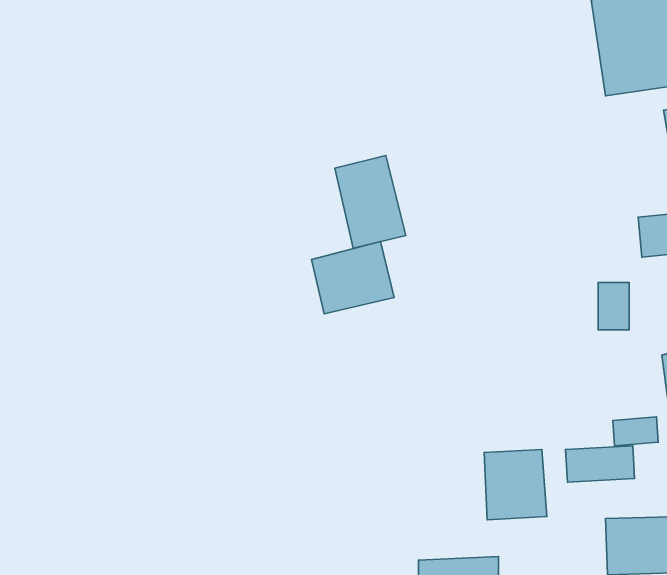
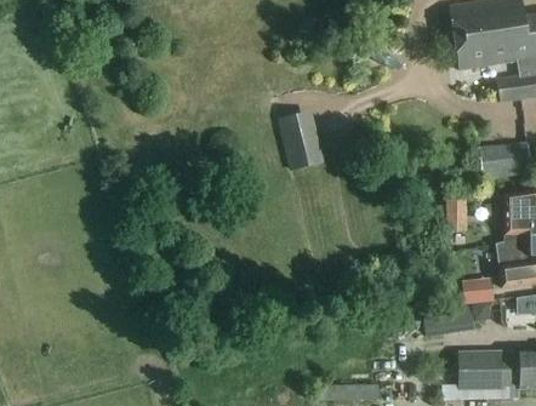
building: [312,242,394,314] -> none
building: [484,450,547,520] -> none

